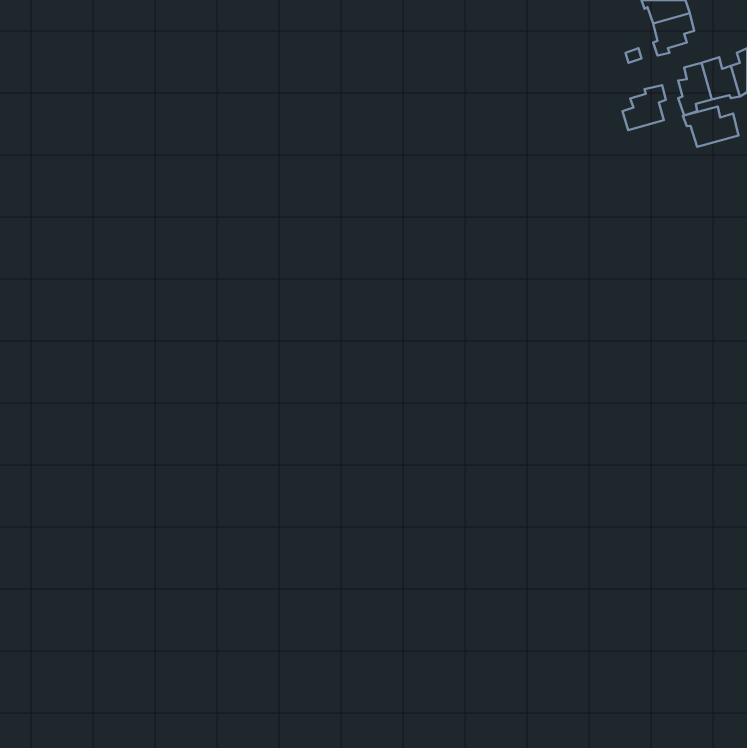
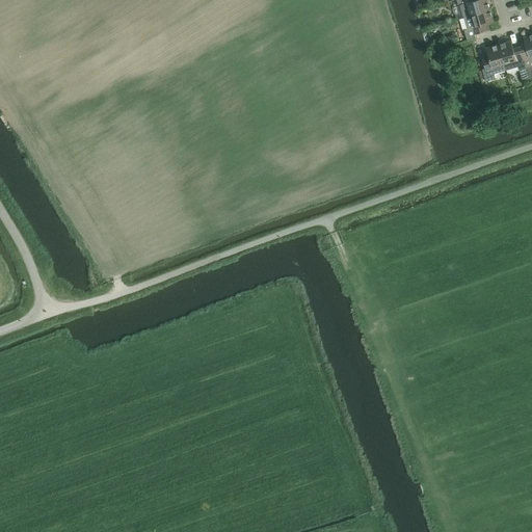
building: [622,85,666,130] -> none
building: [683,106,738,147] -> none

